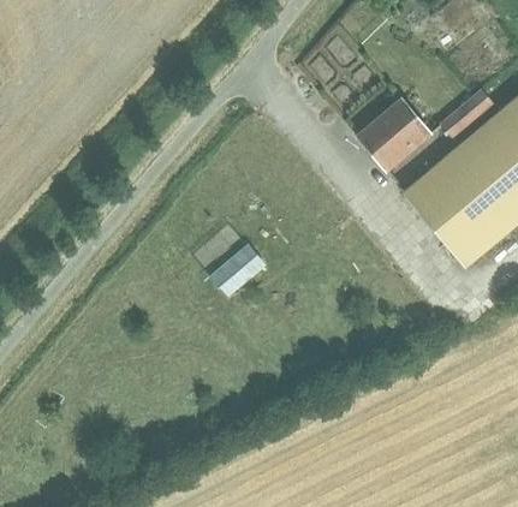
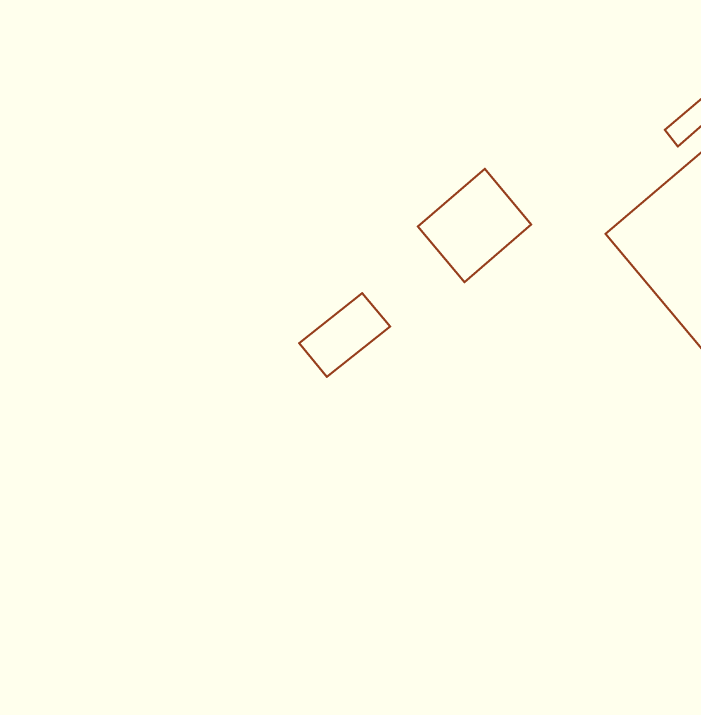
building: [357,99,430,172] -> [418,169,531,282]

